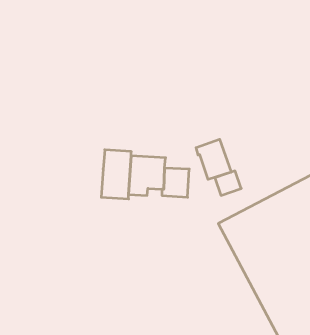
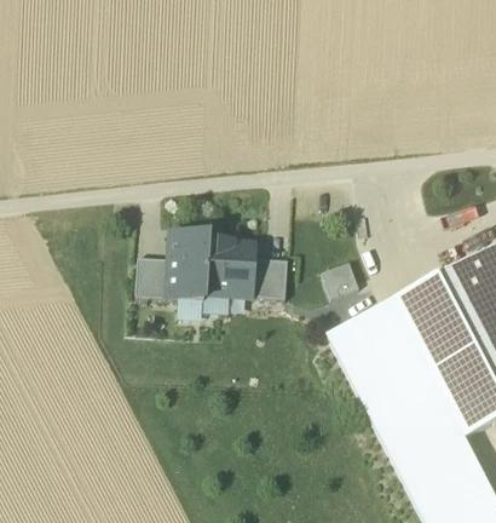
building: [196,139,231,179] -> none
building: none -> [134,257,168,298]

